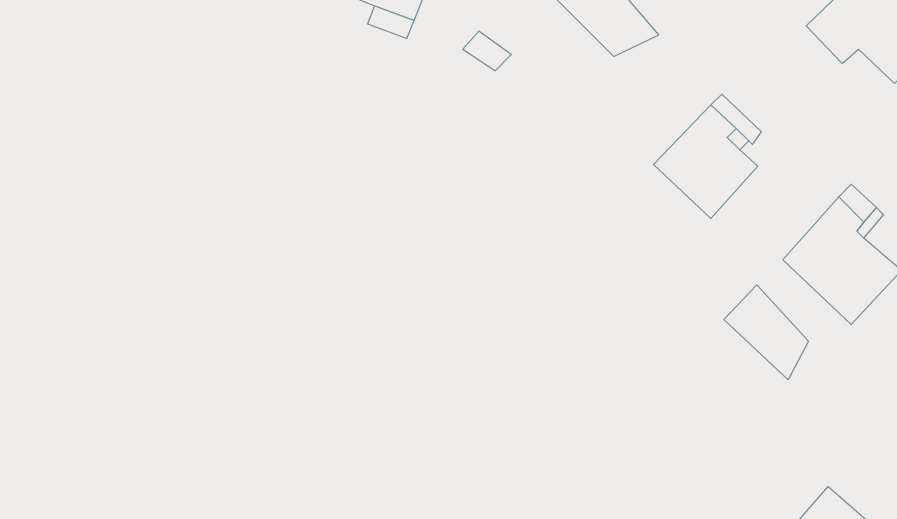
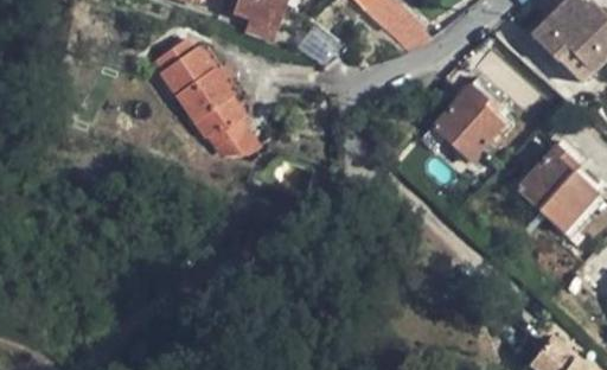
building: none -> [156,38,262,154]
building: [724,285,809,380] -> none

